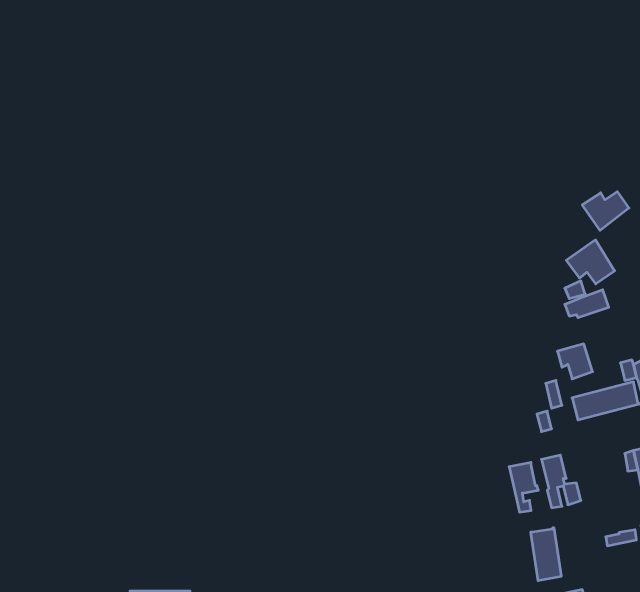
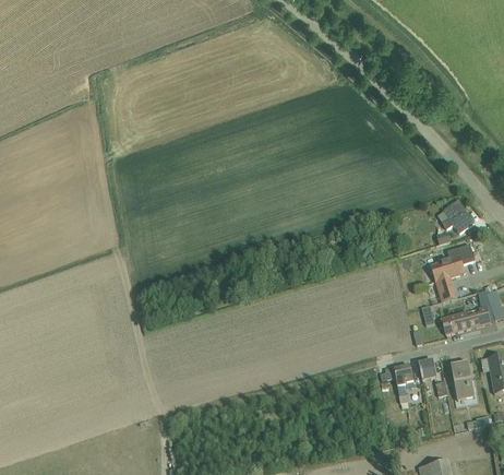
building: [582,192,629,230] -> none
building: none -> [424,256,466,284]
building: [531,528,561,581] -> [452,361,475,401]

